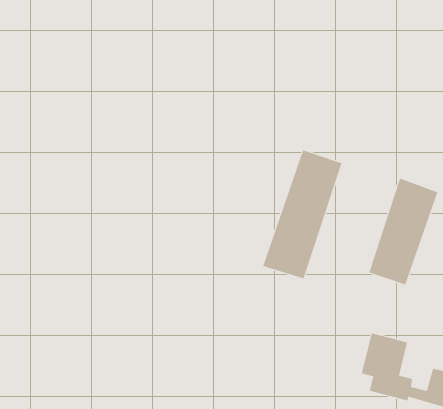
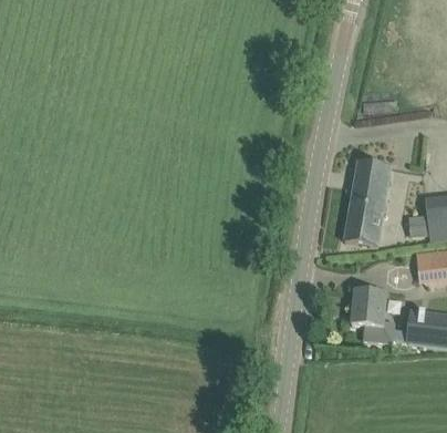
building: [262,150,342,279] -> none

